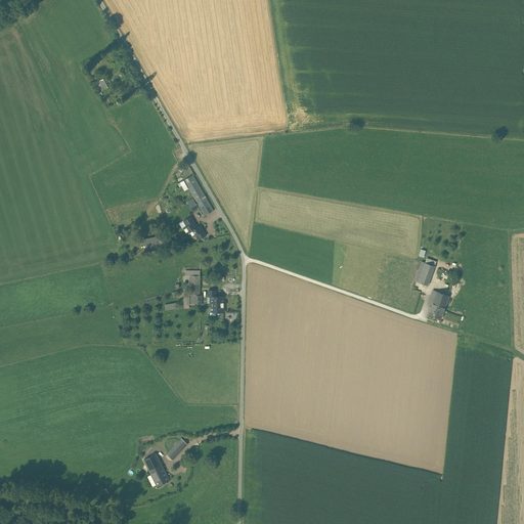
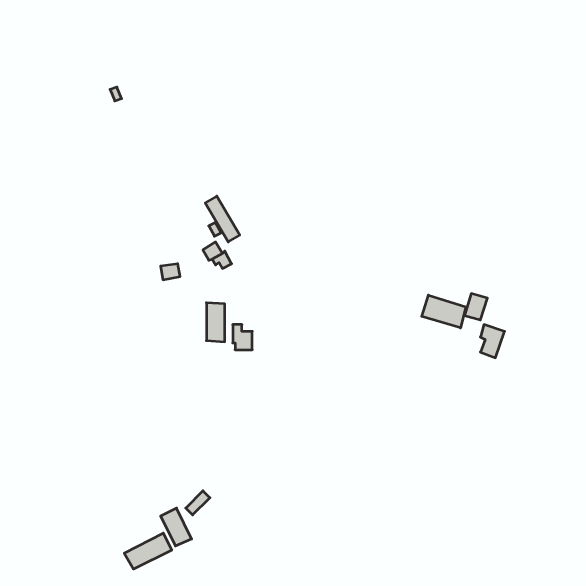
building: none -> [422,295,466,328]
building: none -> [124,533,172,569]

